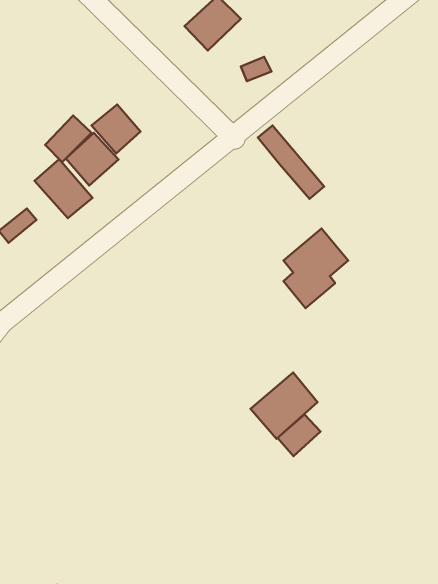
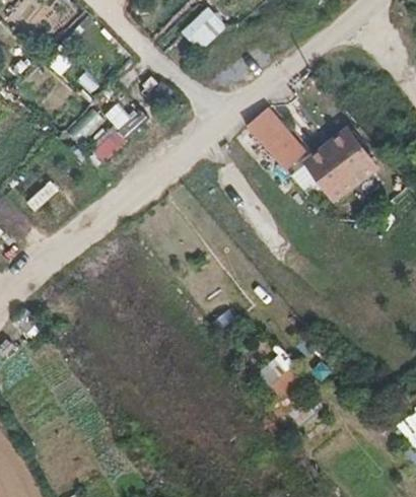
building: [35,159,92,218] -> none
building: [283,229,348,308] -> [317,132,370,198]
building: [251,372,317,439] -> none

